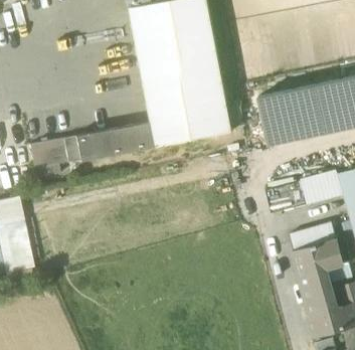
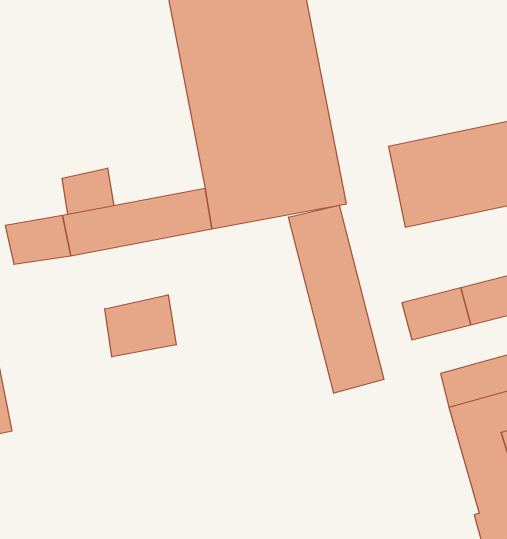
building: none -> [62,168,114,214]
building: none -> [288,205,384,393]
building: none -> [105,295,176,357]

